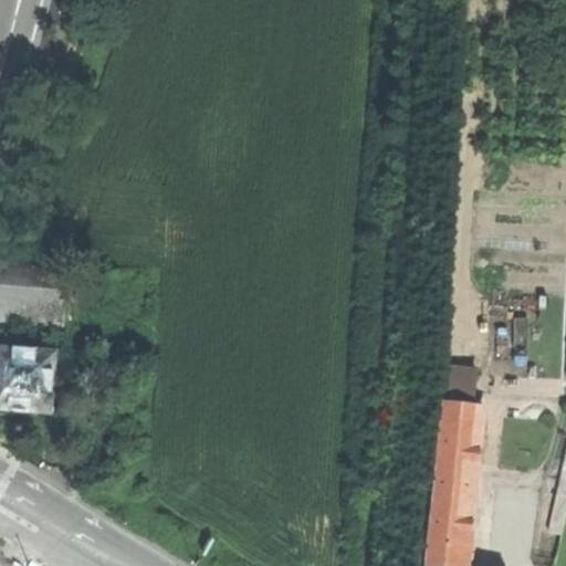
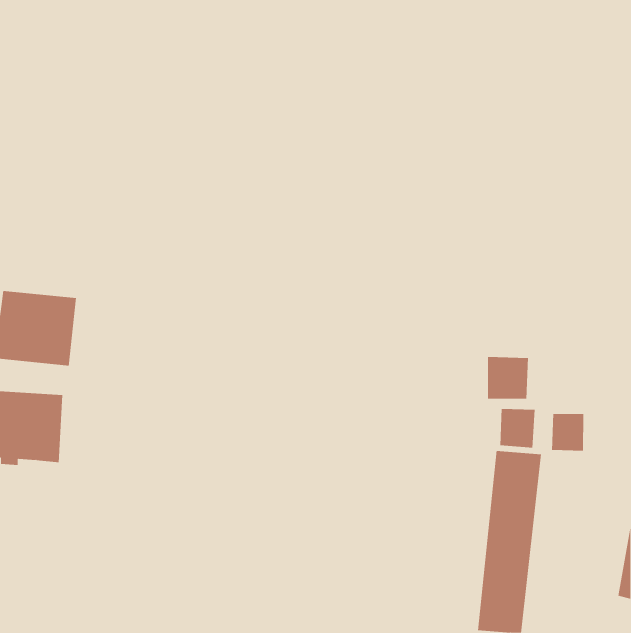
building: none -> [487,356,528,399]
building: none -> [552,413,584,452]

